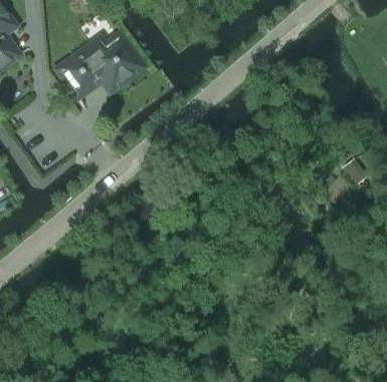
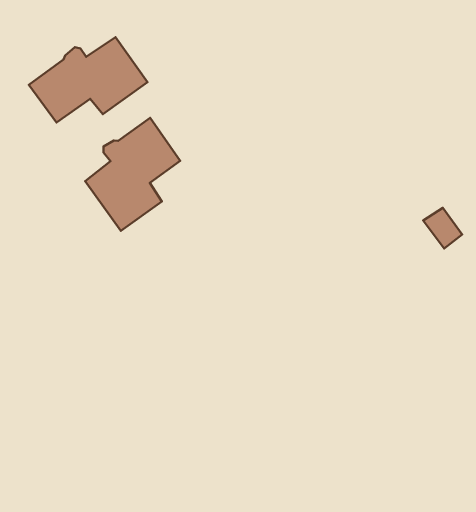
building: none -> [85,118,180,231]

